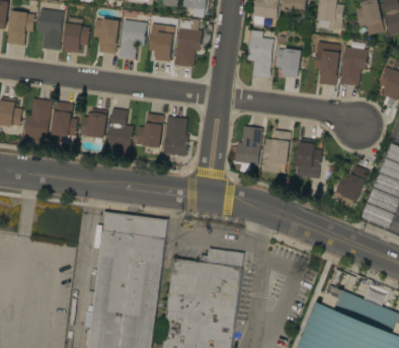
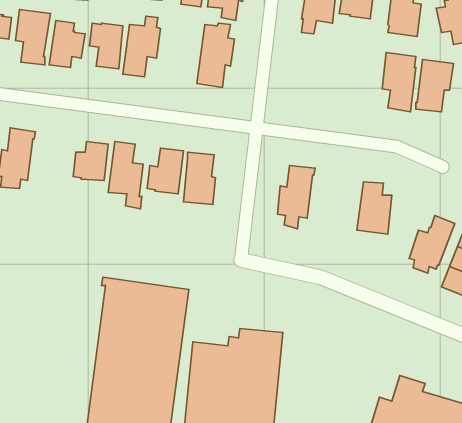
building: [148,24,174,61] -> none
building: [247,29,273,77] -> none
building: [275,48,301,77] -> none
building: [52,100,78,142] -> none
building: [261,129,291,172] -> none

